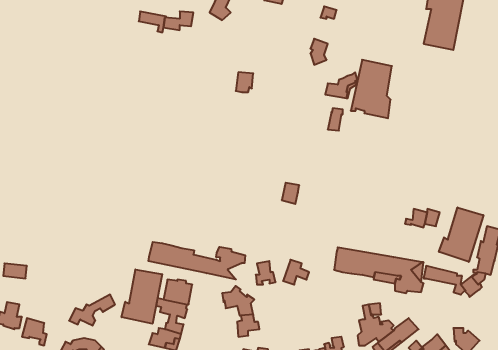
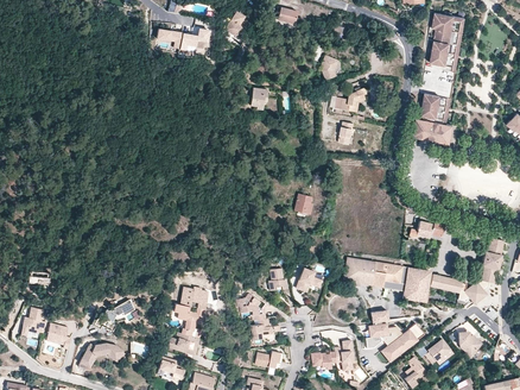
building: [351,60,392,118] -> [414,88,454,144]
building: [439,207,483,262] -> none
building: [148,242,245,279] -> none
building: [122,269,162,324] -> none

